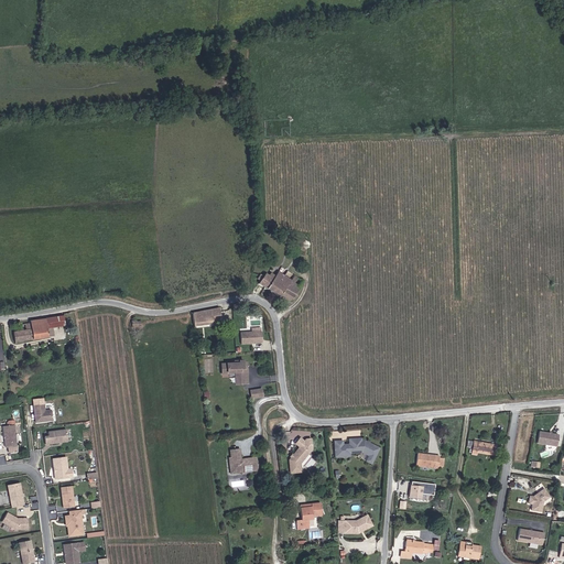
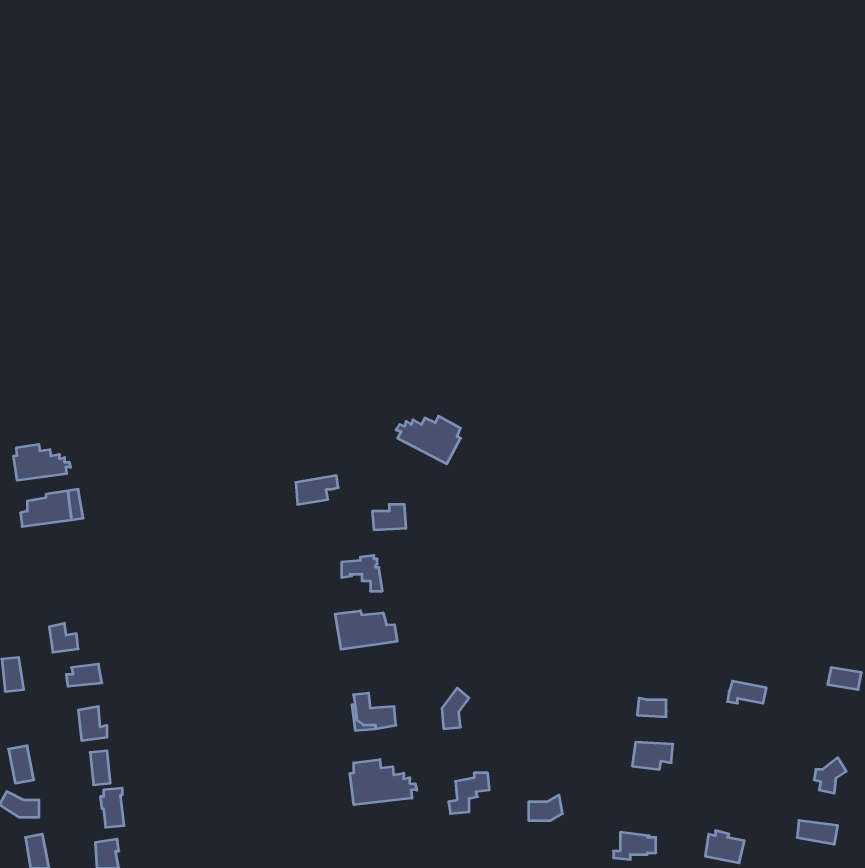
building: none -> [14,444,71,480]
building: none -> [335,611,397,649]
building: [335,436,380,463] -> none
building: none -> [350,759,417,805]

